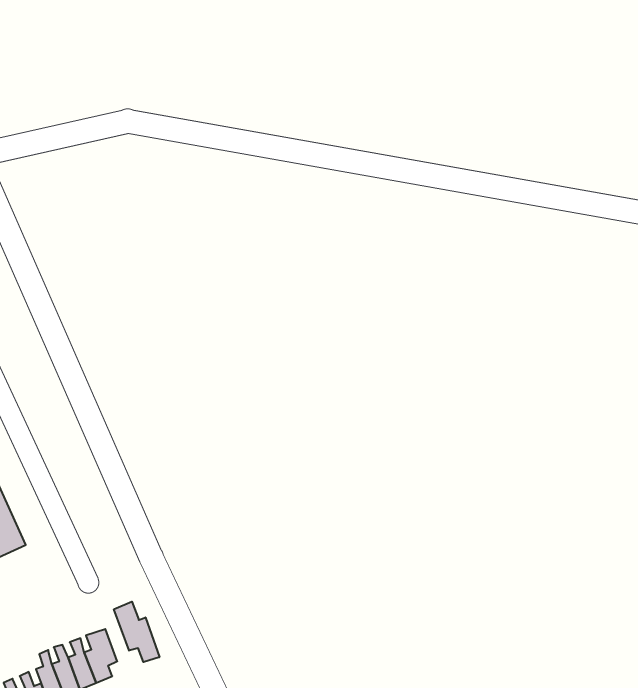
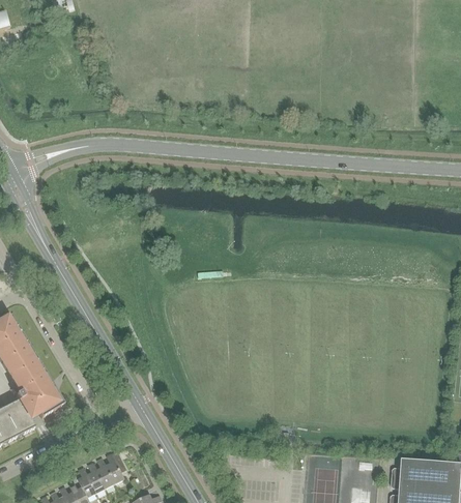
building: [114,602,159,662] -> none

